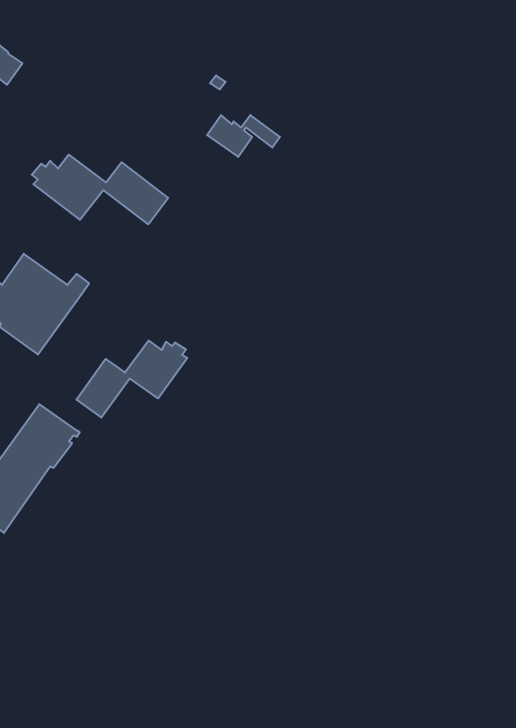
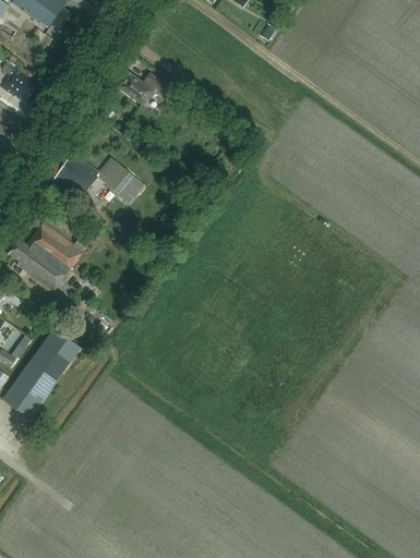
building: [207,115,280,157] -> [119,73,170,102]
building: [76,341,187,418] -> none

